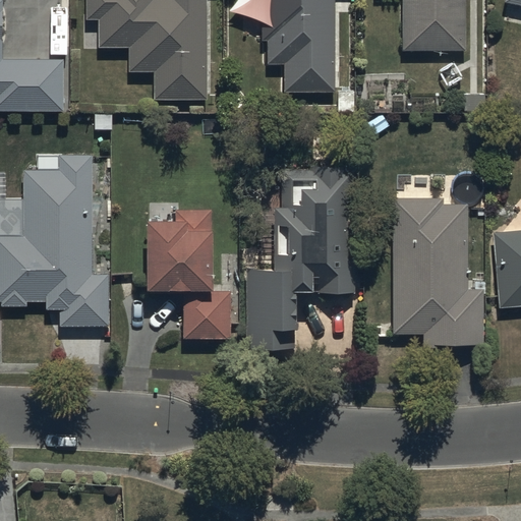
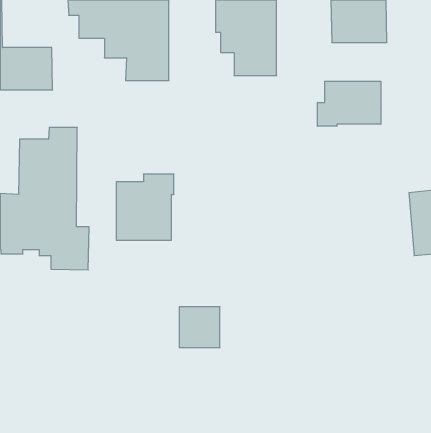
building: none -> [317,81,381,126]
building: [245,167,353,349] -> none
building: [391,196,482,347] -> none
building: [182,289,231,338] -> [179,307,220,348]

